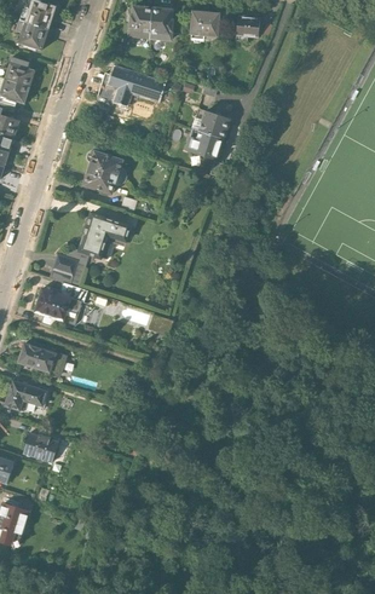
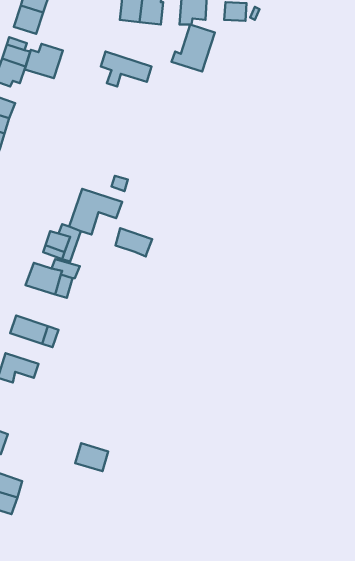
building: none -> [25,44,63,78]
building: [184,110,229,158] -> [171,24,215,71]
building: [82,149,127,194] -> none
building: none -> [115,228,152,256]
building: [23,431,57,460] -> [75,443,108,471]

